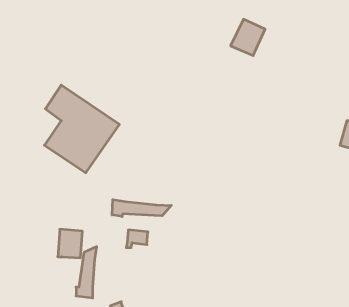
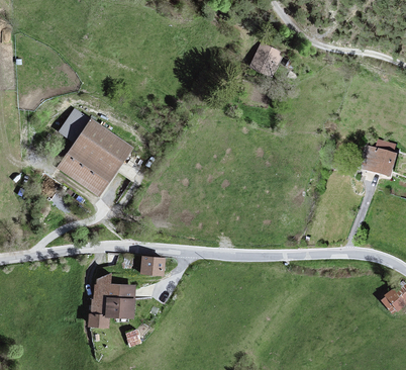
building: [112,200,171,217] -> none
building: [58,229,82,258] -> [107,286,132,315]

